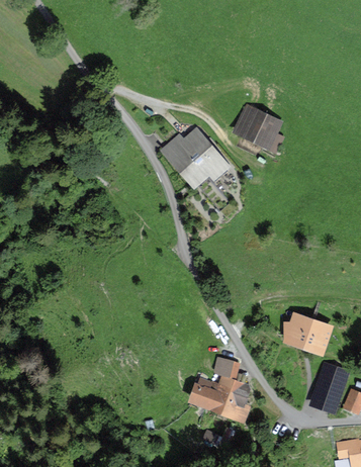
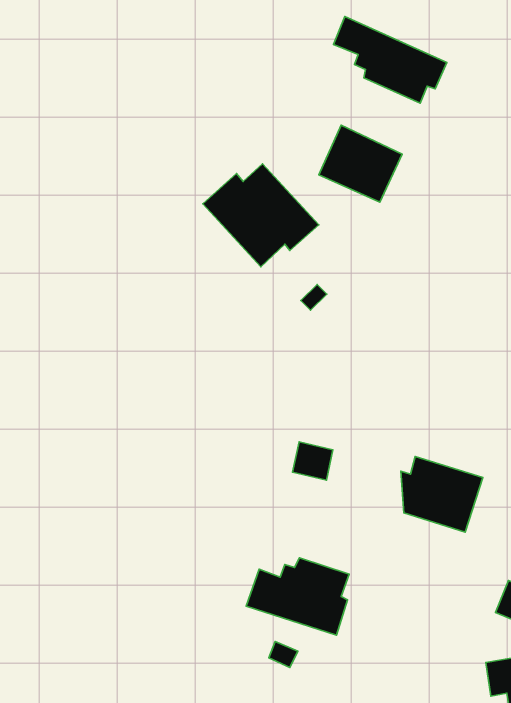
building: none -> [334,17,447,103]
building: [211,353,237,377] -> [293,442,333,480]
building: [312,369,347,415] -> none

